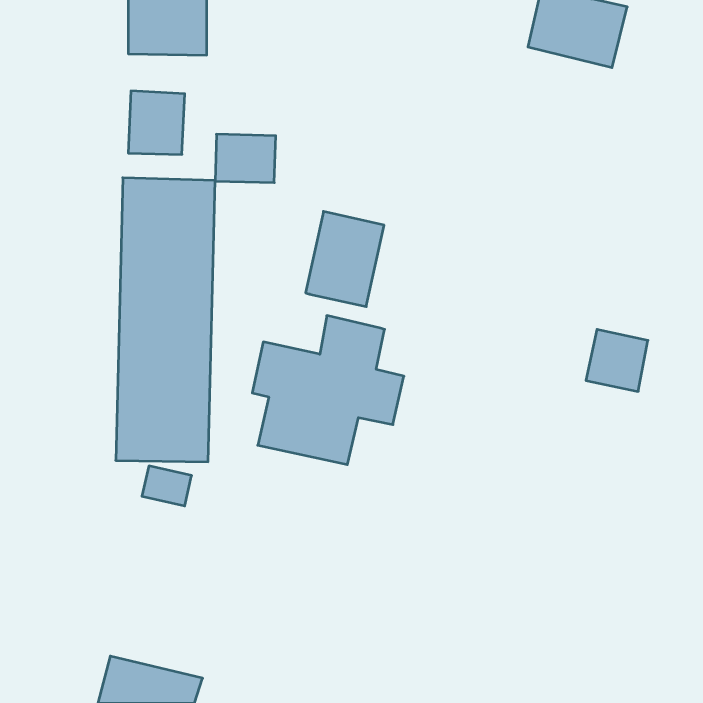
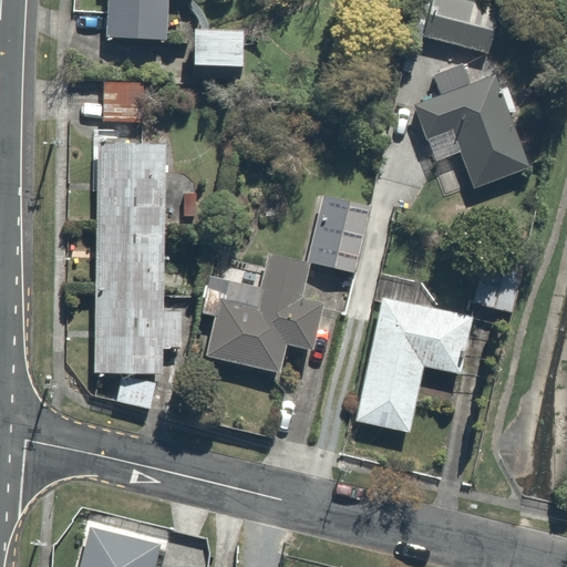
building: none -> [412,76,525,184]
building: [215,134,276,183] -> [194,30,243,69]
building: [306,211,384,307] -> [306,198,369,275]
building: none -> [353,284,472,431]

